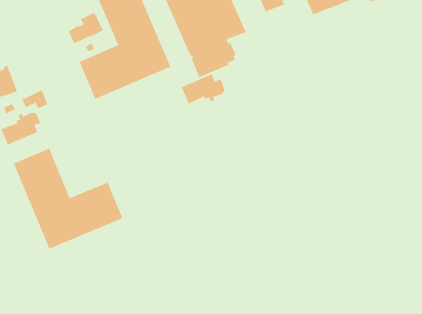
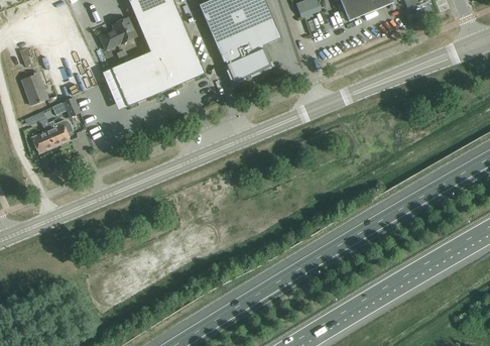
building: [181,74,225,104] -> none
building: [13,148,123,249] -> none

